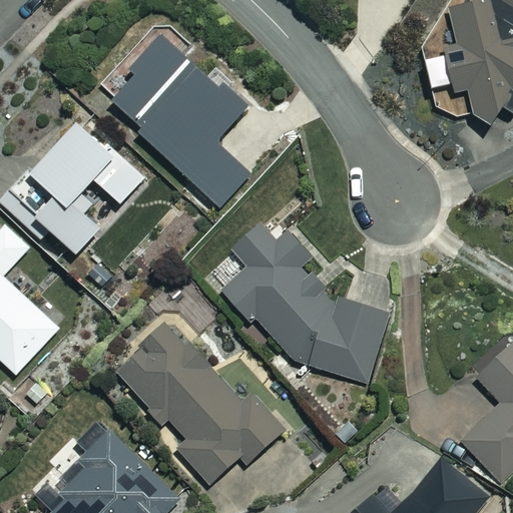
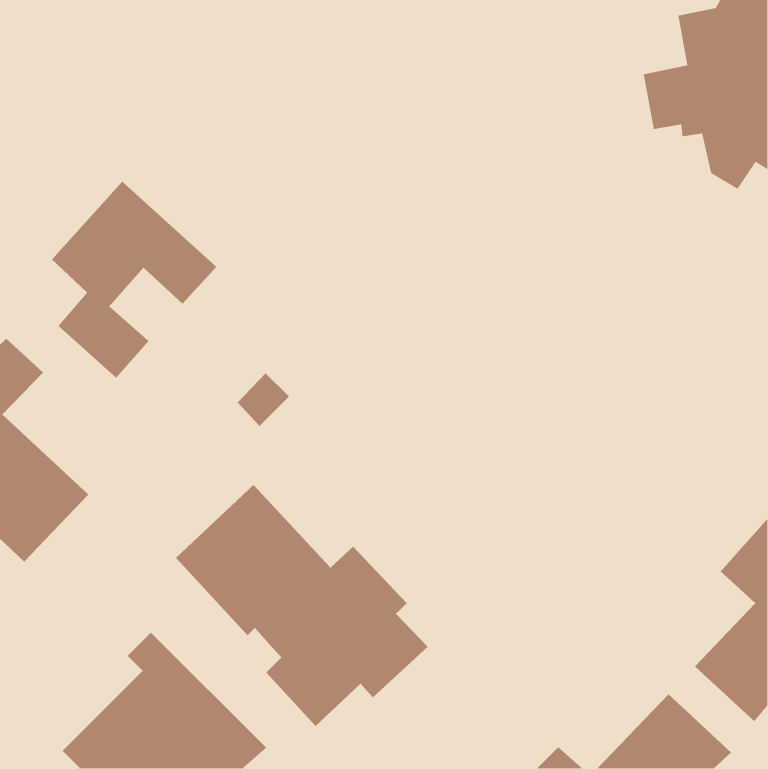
building: [111,25,251,207] -> none
building: [222,223,390,384] -> none

